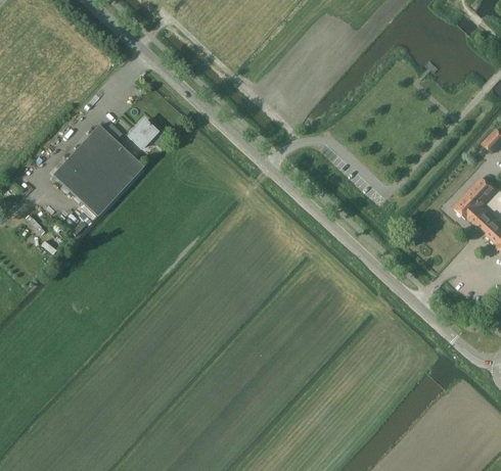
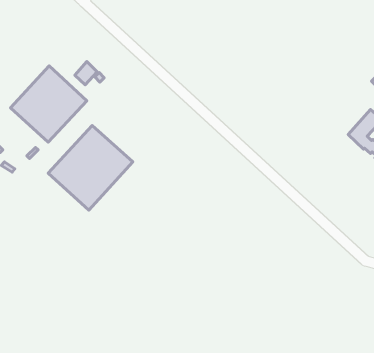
building: none -> [48,126,133,210]

